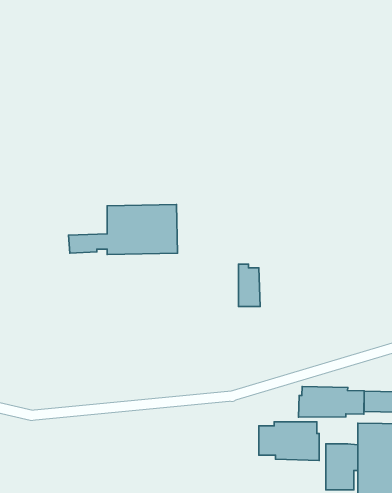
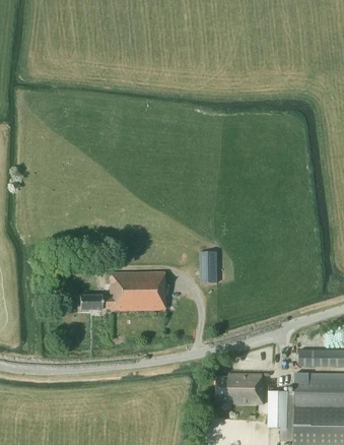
building: [68,204,178,254] -> [79,271,165,311]
building: [299,386,364,417] -> none

